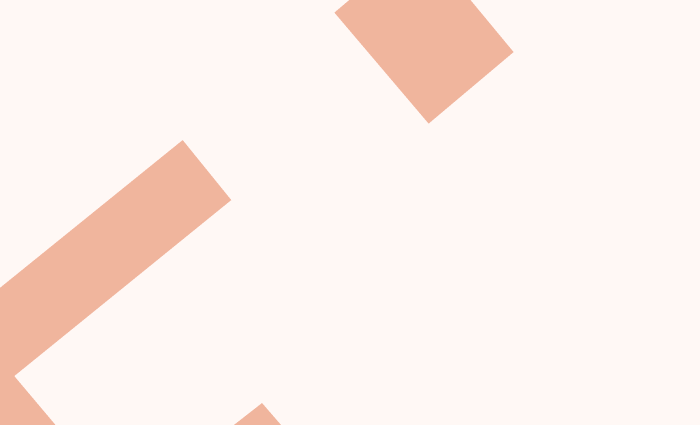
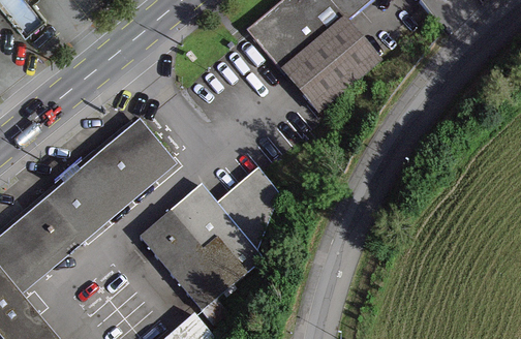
building: none -> [141,169,281,309]

